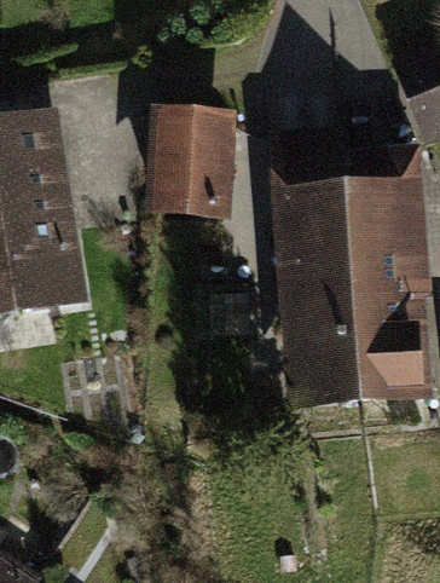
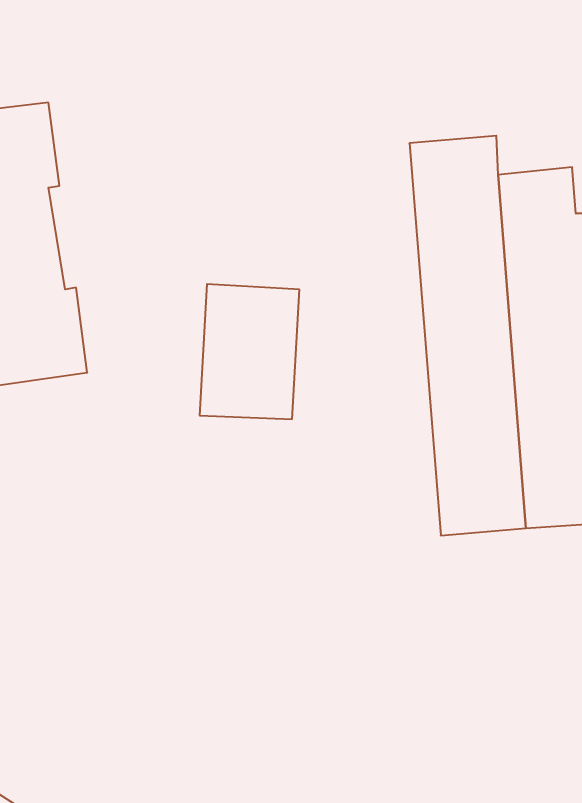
building: [158,122,224,210] -> [200,284,299,419]

